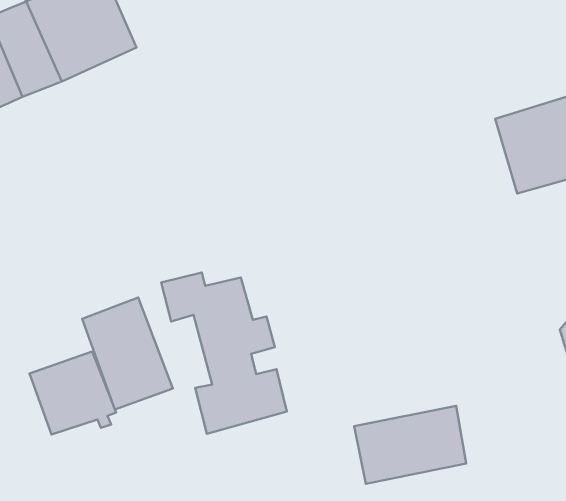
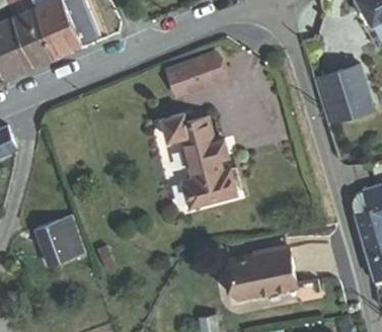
building: none -> [167,54,223,94]
building: [161,272,287,434] -> [161,110,236,206]
building: [82,297,173,409] -> none

